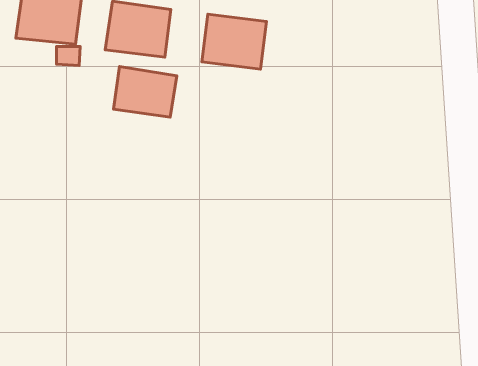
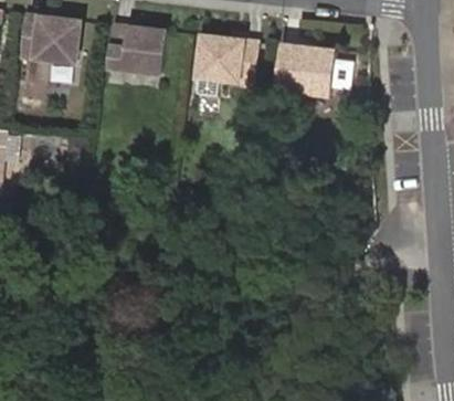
building: none -> [271,44,330,95]
building: [113,66,177,117] -> none

